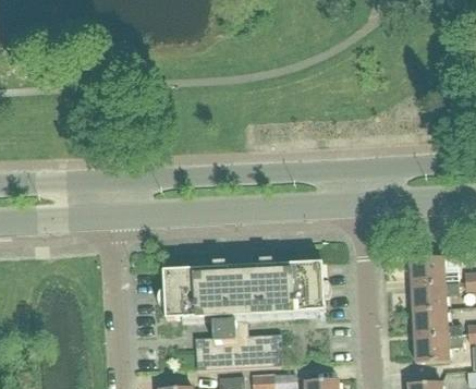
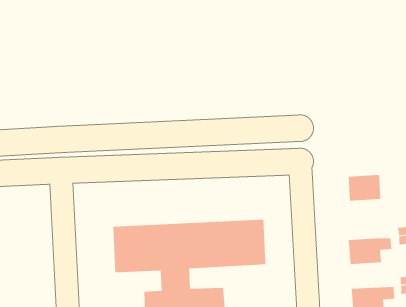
building: [410,255,444,283] -> [348,174,381,201]
building: [413,307,460,335] -> none

